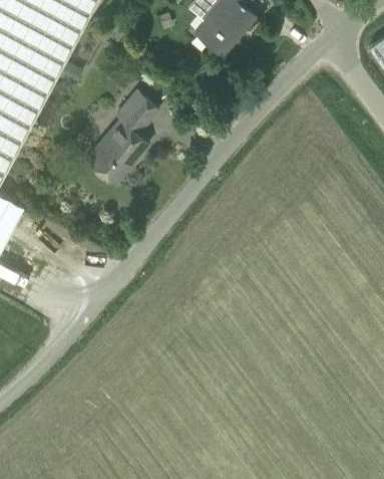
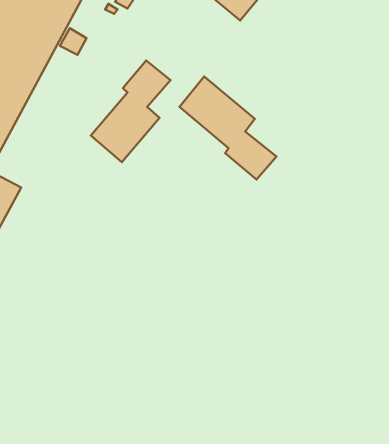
building: none -> [179,77,276,179]

